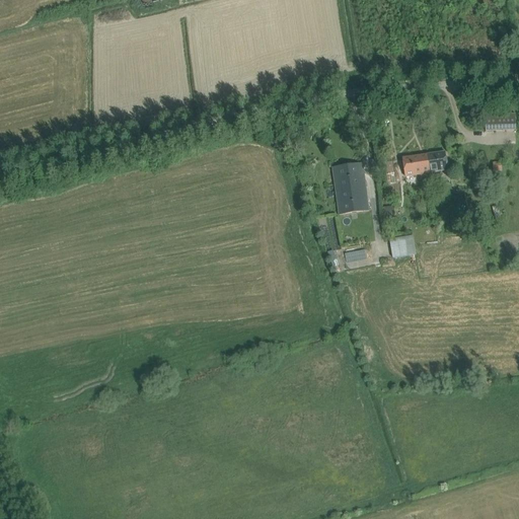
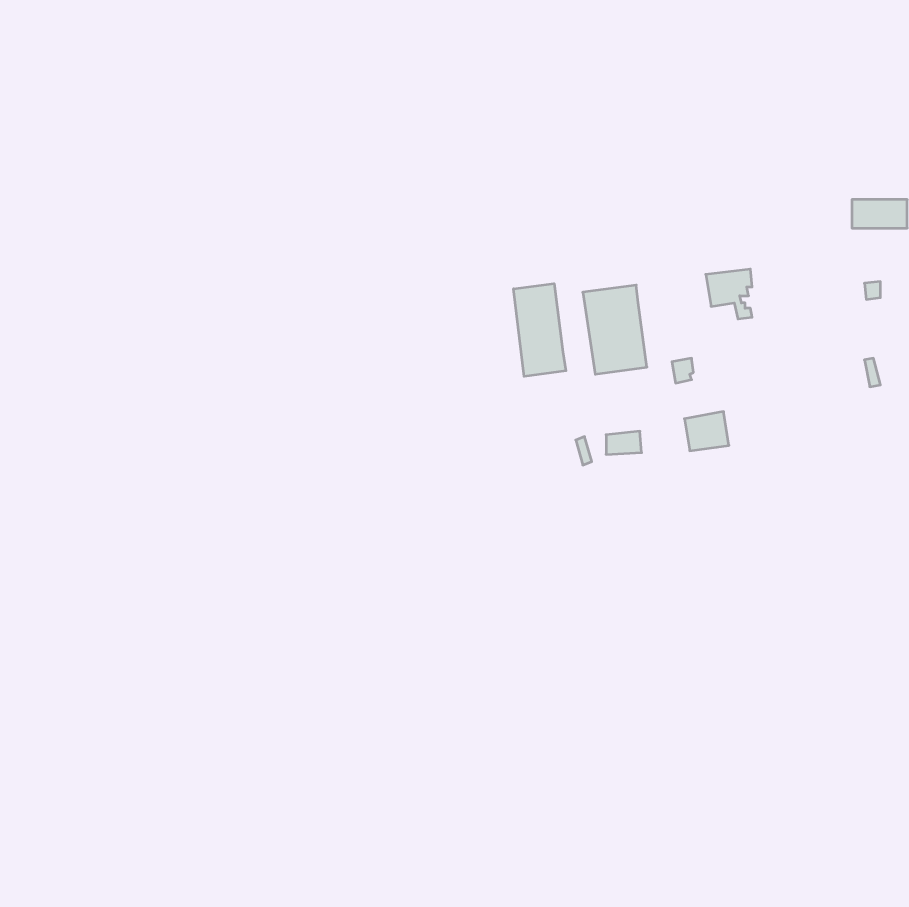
building: [421,151,447,180] -> none
building: none -> [514,284,566,376]

